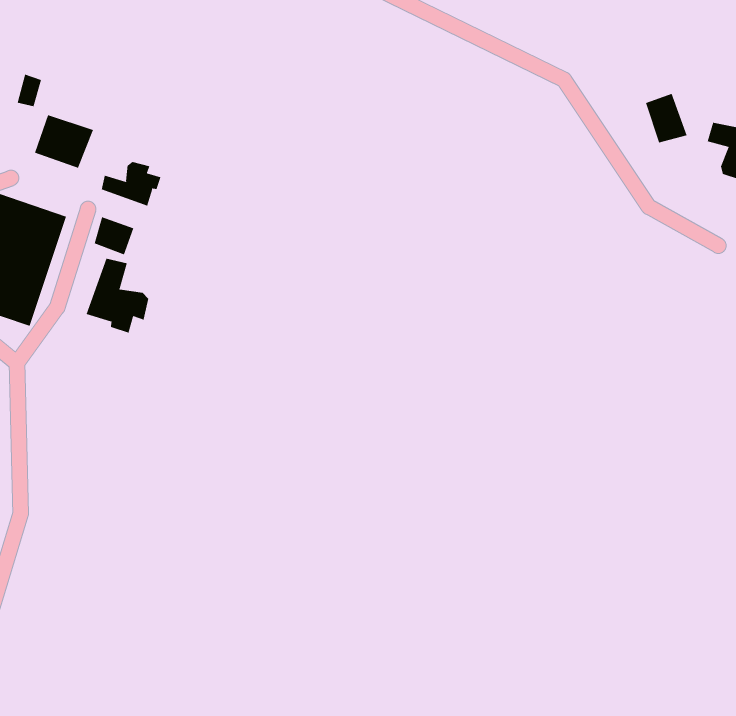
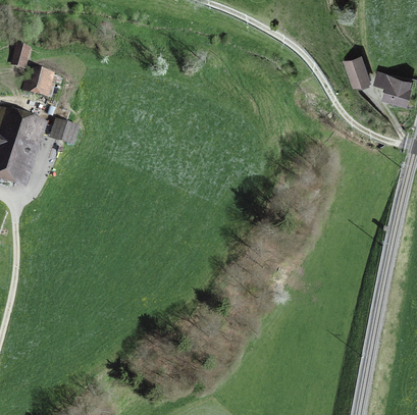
building: [101,161,161,207] -> none
building: [86,258,149,333] -> none

